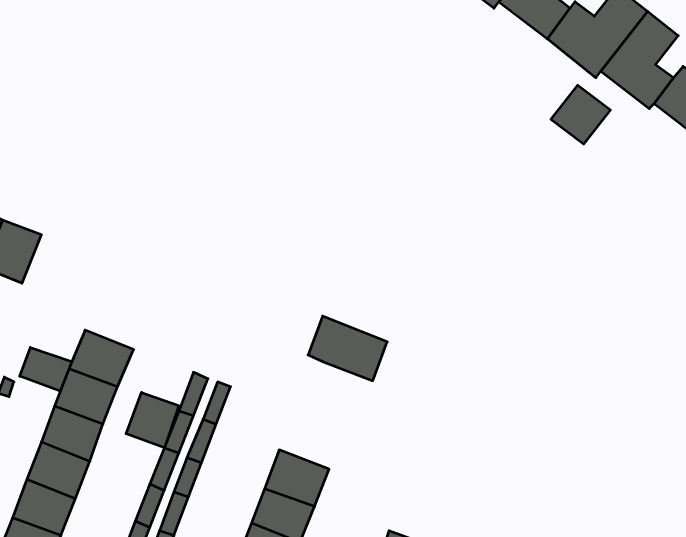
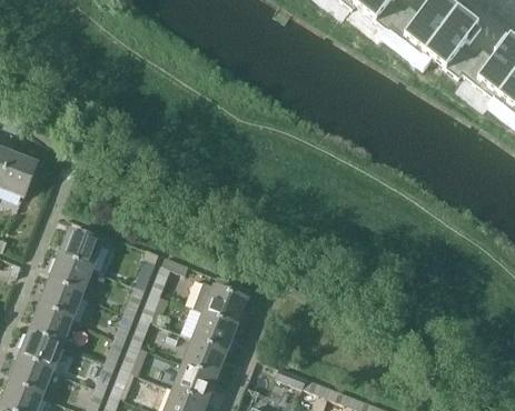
building: [551,85,610,144] -> none
building: [308,316,387,381] -> [194,280,248,324]
building: [20,347,72,391] -> none
building: [126,392,179,448] -> none

